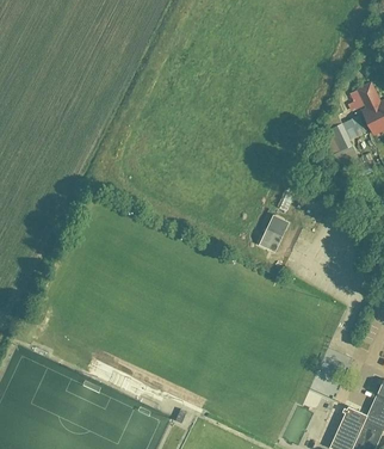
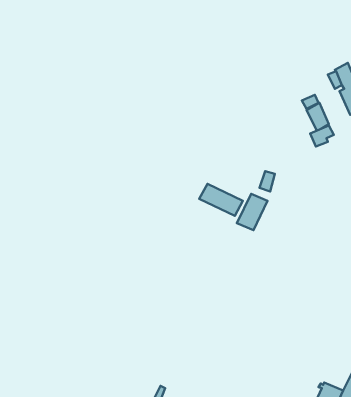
building: none -> [199,184,243,216]

